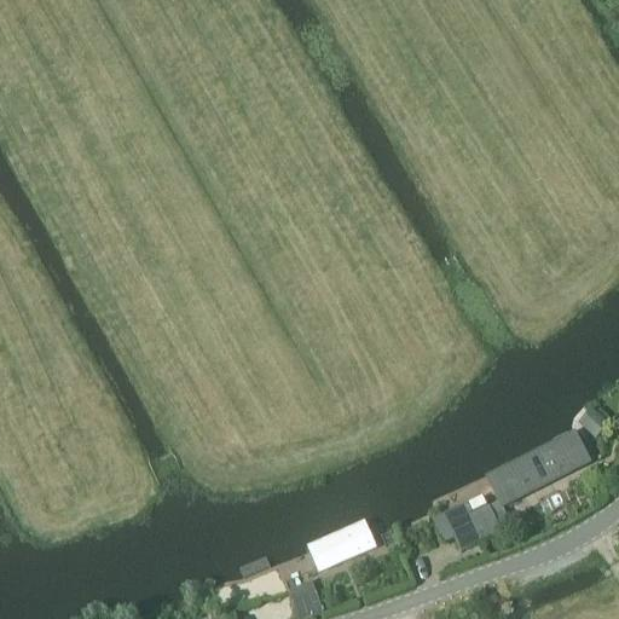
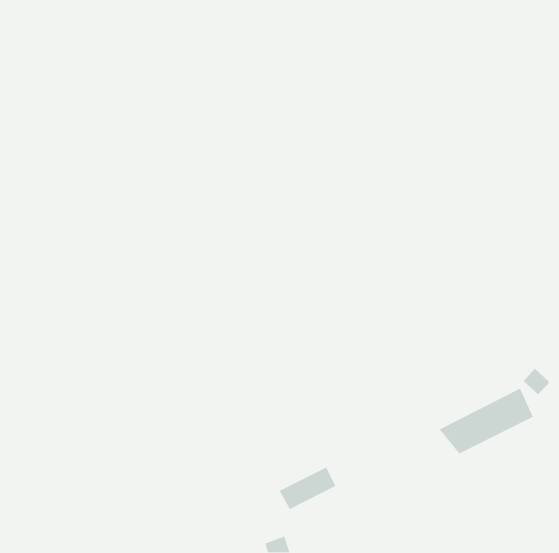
building: [434,501,507,549] -> none

